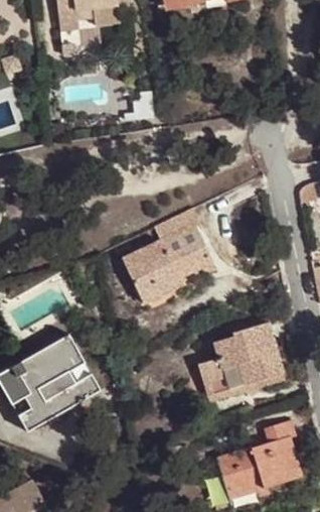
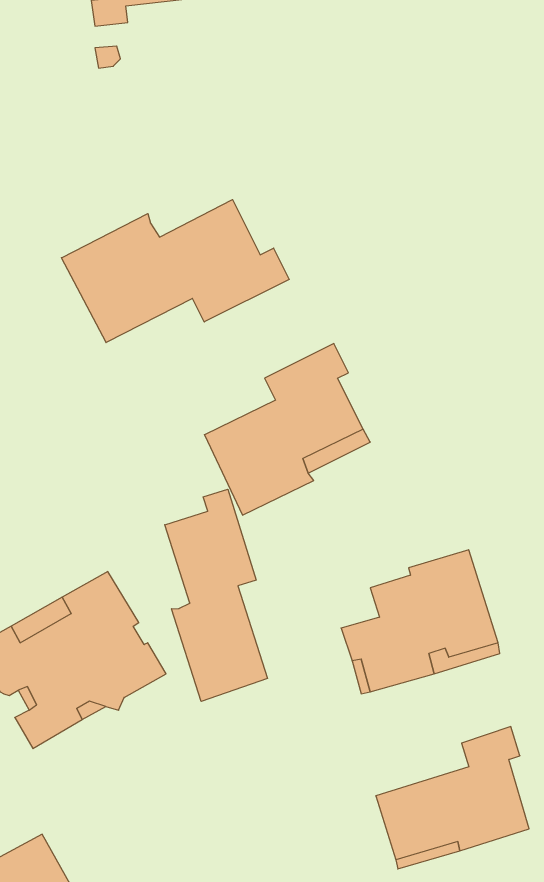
building: none -> [61,200,289,343]
building: none -> [165,489,268,701]

